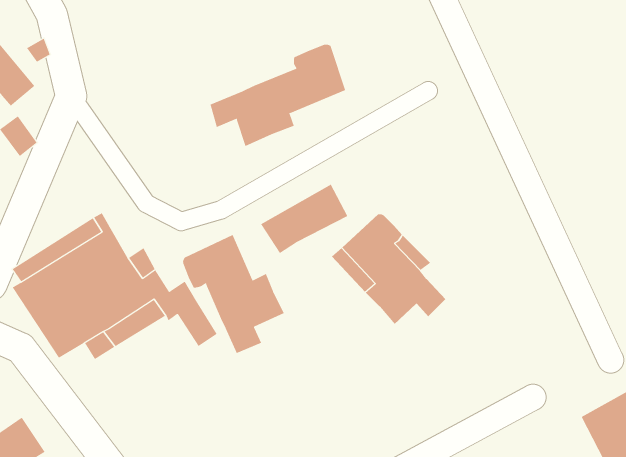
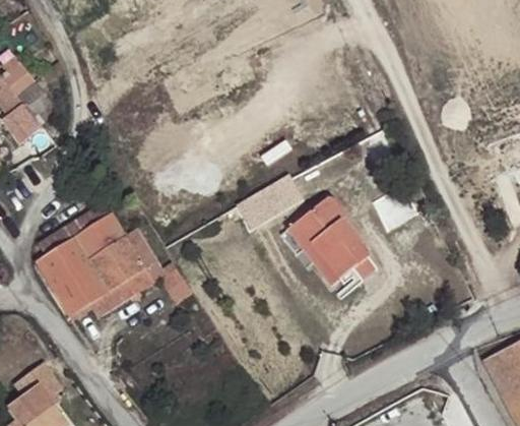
building: [210,44,346,147] -> none
building: [183,234,284,354] -> none

